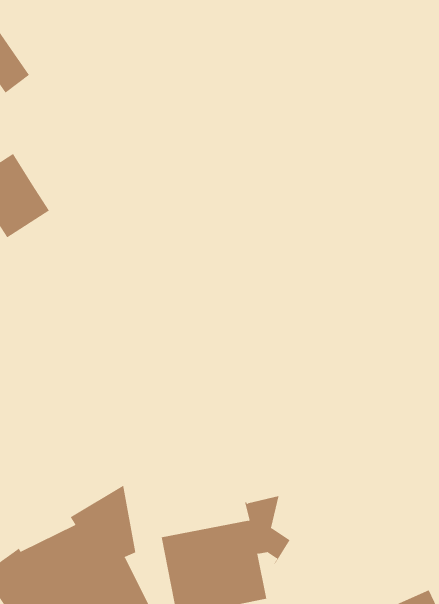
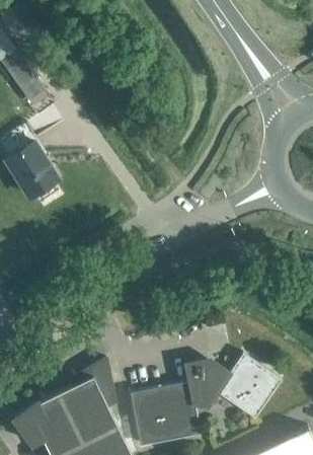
building: none -> [203,353,280,416]

